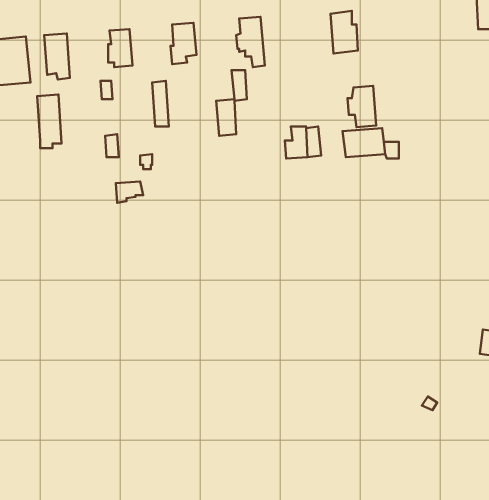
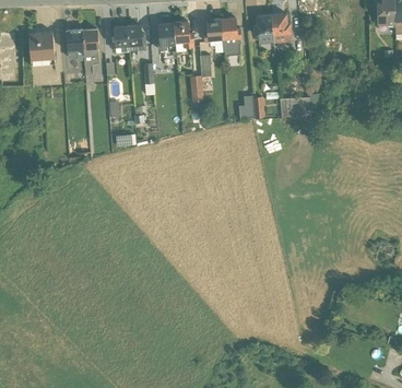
building: none -> [221,15,241,55]
building: none -> [173,20,194,51]
building: none -> [127,24,146,51]
building: [347,86,376,127] -> [252,14,273,44]
building: [37,95,62,148] -> [82,27,99,66]

